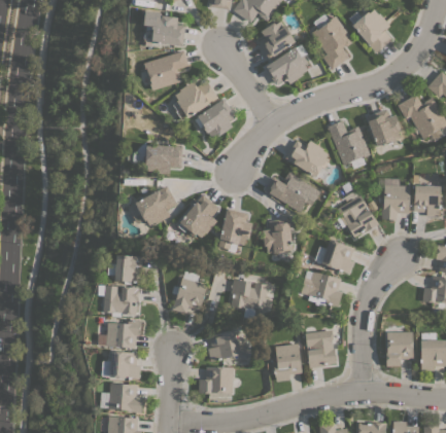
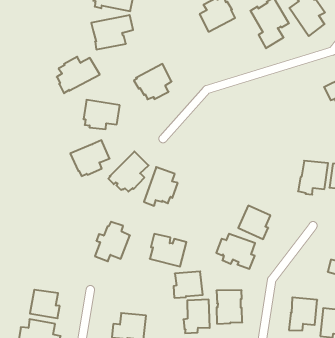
building: [265,47,308,84] -> none
building: [173,81,218,121] -> [57,57,100,93]
building: [366,109,401,147] -> none
building: [328,120,370,169] -> none
building: [285,140,329,178] -> none
building: [264,172,320,214] -> none
building: [337,195,378,238] -> none
building: [262,219,293,253] -> none
building: [114,255,145,283] -> none
building: [103,286,139,317] -> none
building: [98,320,141,349] -> none
building: [208,330,240,361] -> [174,271,203,298]

